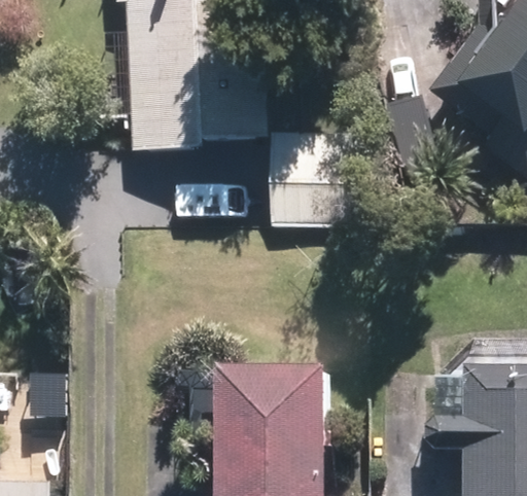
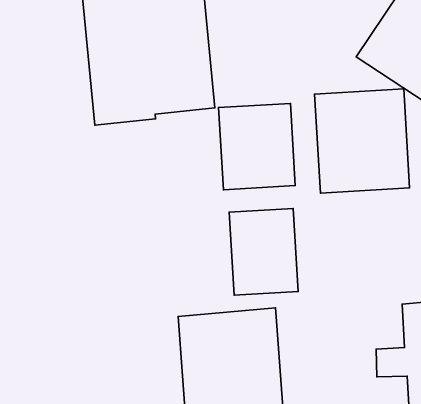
building: none -> [315,89,410,193]
building: none -> [229,209,298,295]

